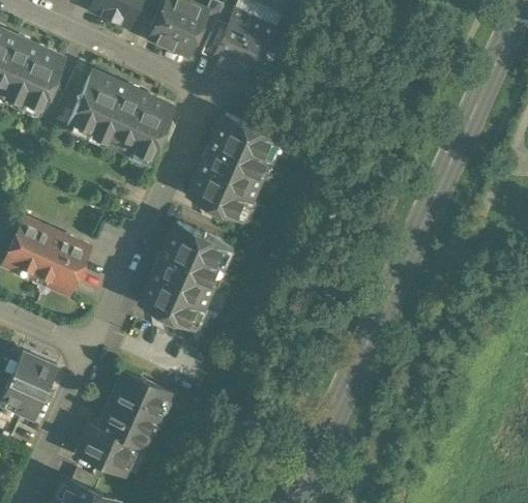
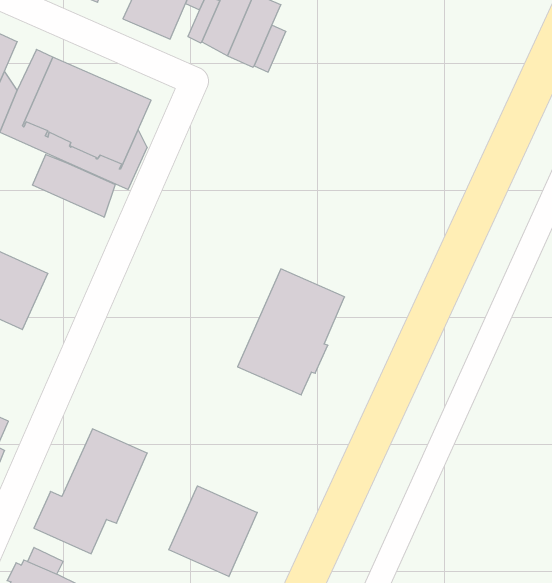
building: [193,112,281,215] -> none
building: none -> [33,154,115,217]
building: [145,220,232,323] -> [238,269,345,395]
building: none -> [169,486,257,577]

